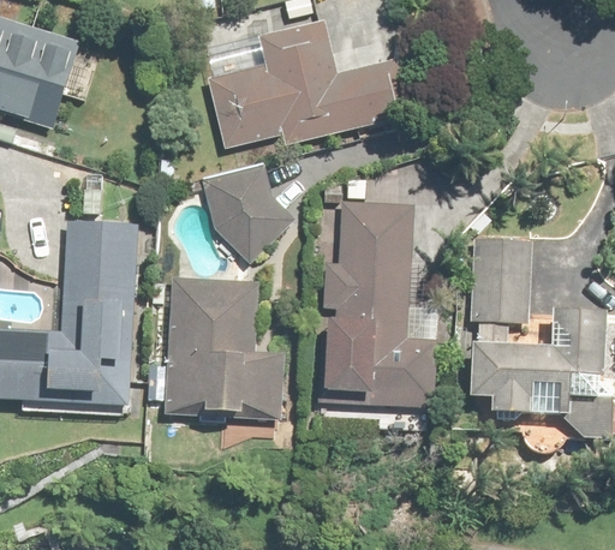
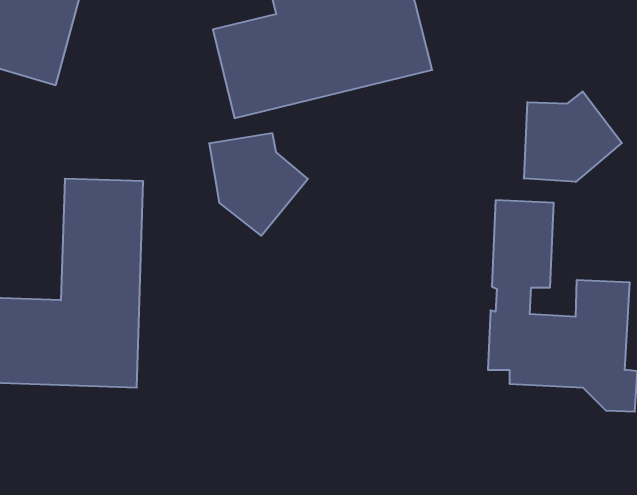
building: none -> [524,91,622,182]
building: [324,198,438,400] -> none
building: [160,281,286,426] -> none

